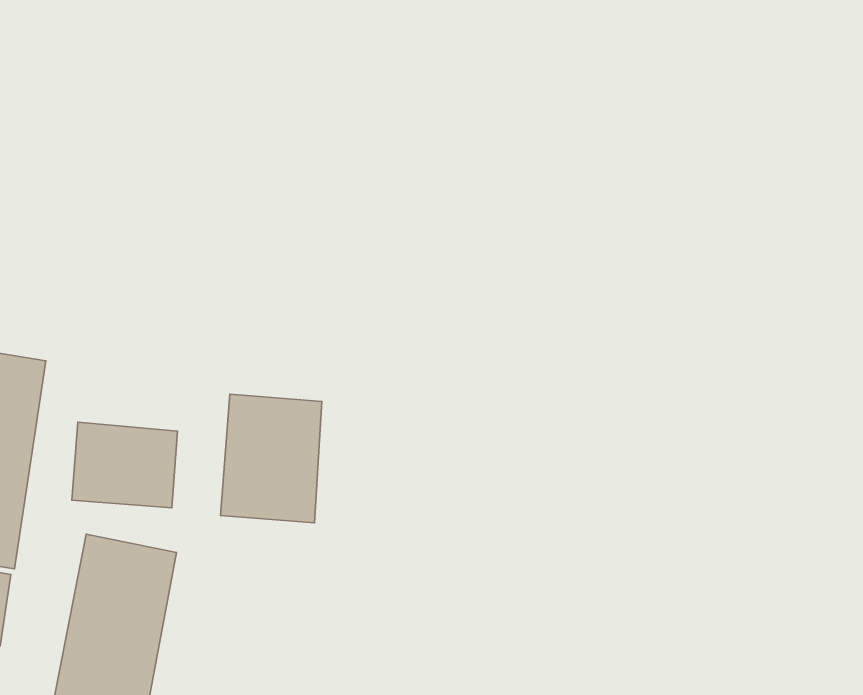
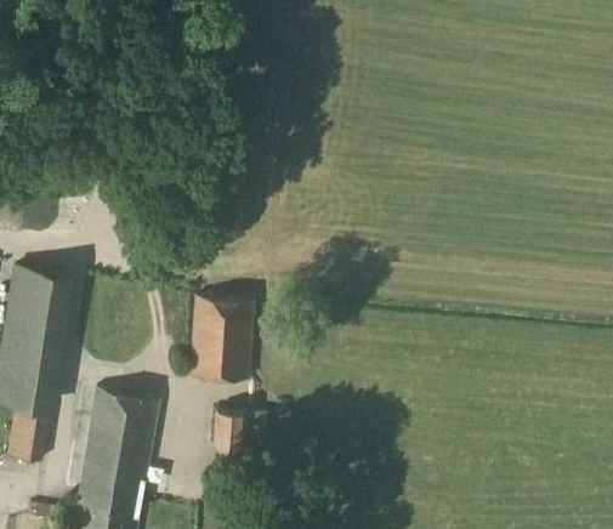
building: [72,422,177,508] -> none
building: none -> [212,410,267,450]

